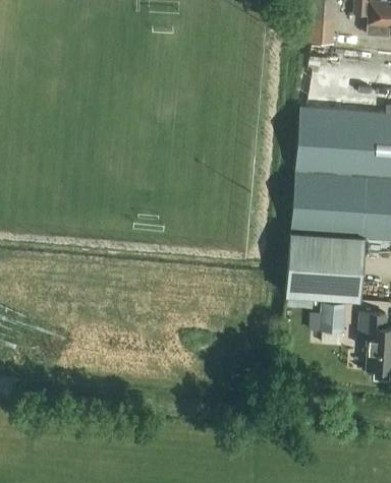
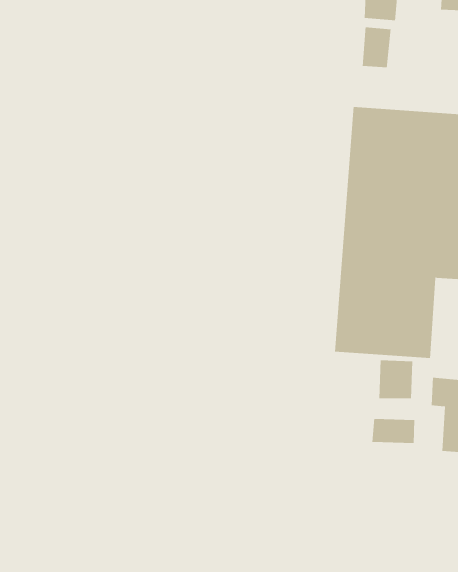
building: none -> [362,27,391,68]
building: none -> [372,418,415,444]

